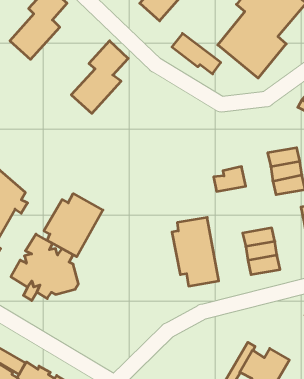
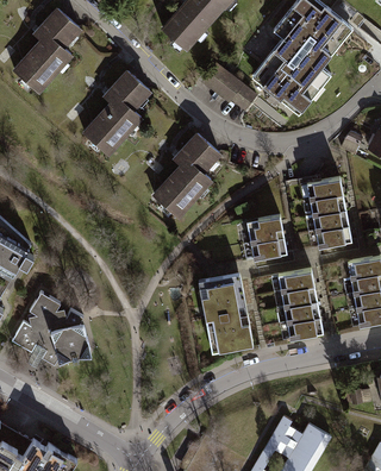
building: none -> [154,133,219,216]
building: none -> [306,176,342,199]
building: none -> [250,237,287,259]
building: [44,194,103,257] -> none
building: none -> [277,268,313,290]

